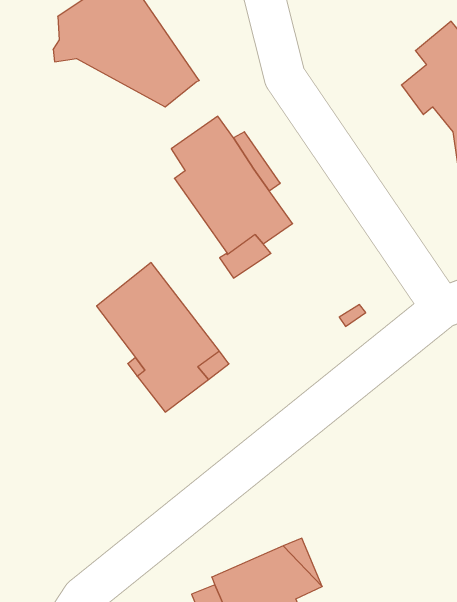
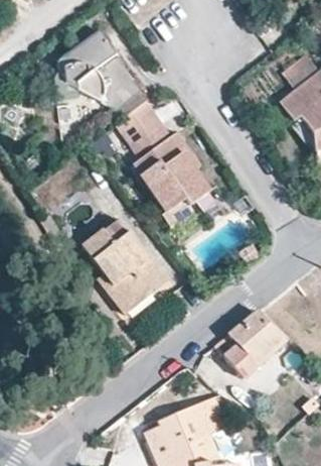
building: none -> [116,99,161,142]
building: none -> [214,309,287,378]

